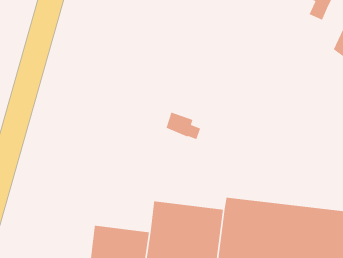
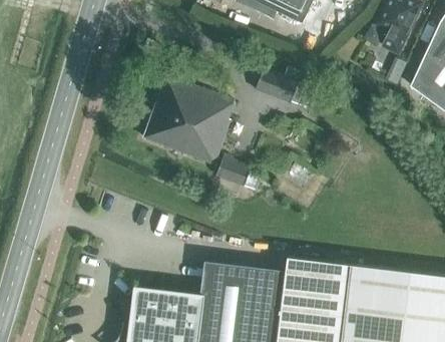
building: none -> [256,70,298,103]
building: none -> [143,76,235,163]

